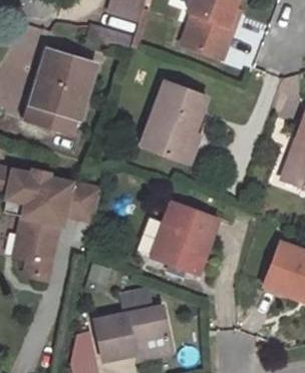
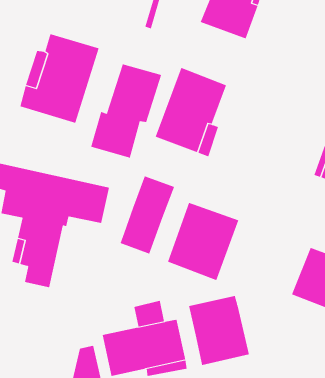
building: none -> [90,64,162,159]
building: none -> [120,175,175,254]
building: none -> [189,295,250,366]

